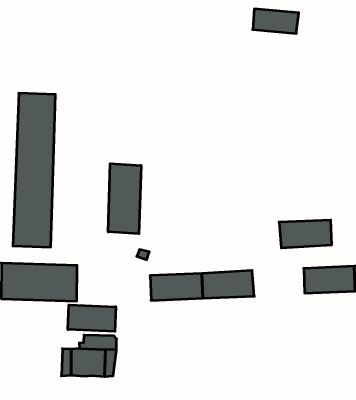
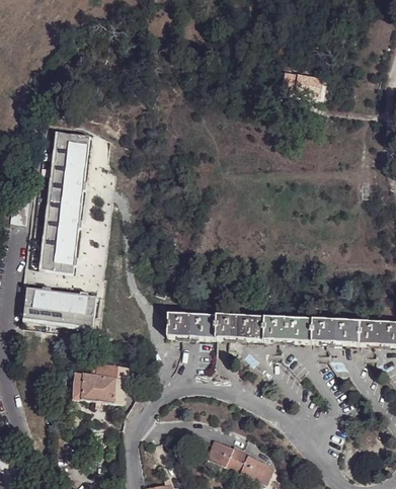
building: [108,164,141,234] -> none
building: [279,220,332,248] -> [261,314,310,339]
building: [68,305,116,331] -> none

